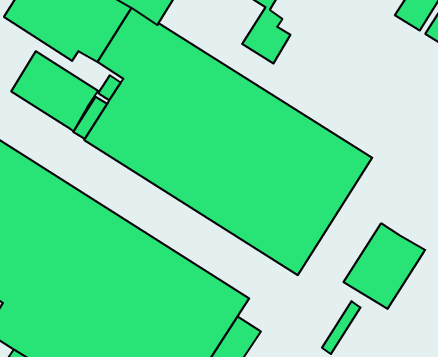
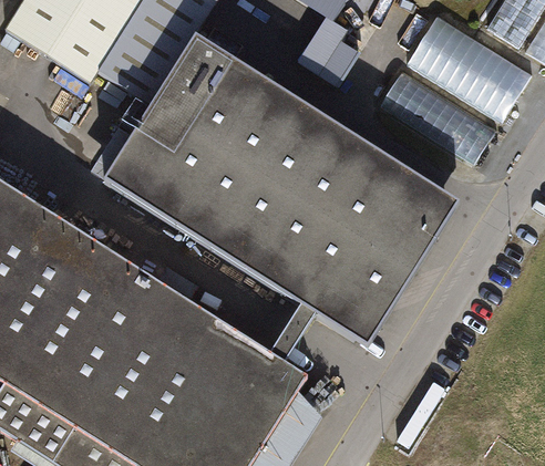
building: none -> [408,12,533,120]
building: none -> [379,66,497,164]
building: [11,51,98,131] -> none
building: [344,223,425,309] -> none

